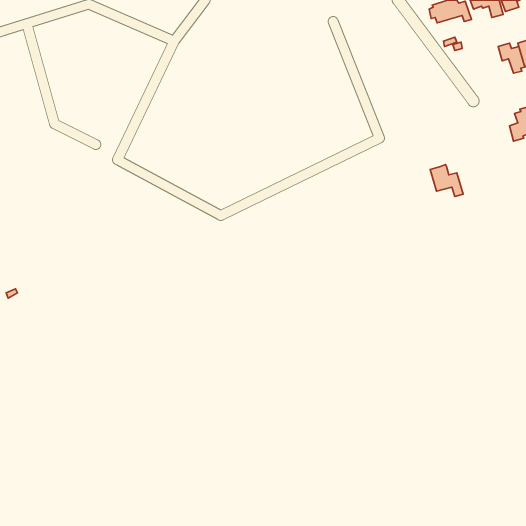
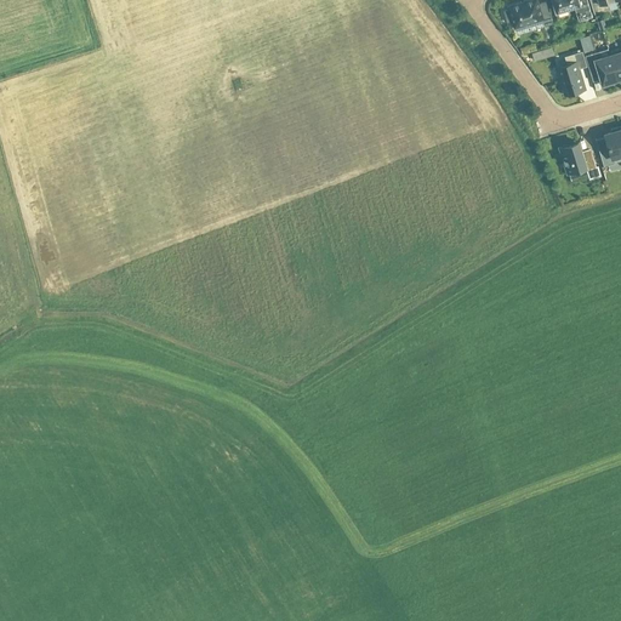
building: none -> [558,55,587,96]
building: [430,164,463,196] -> [562,142,600,180]

